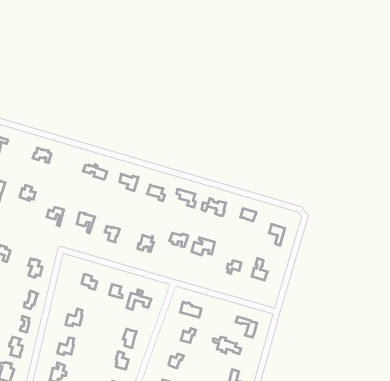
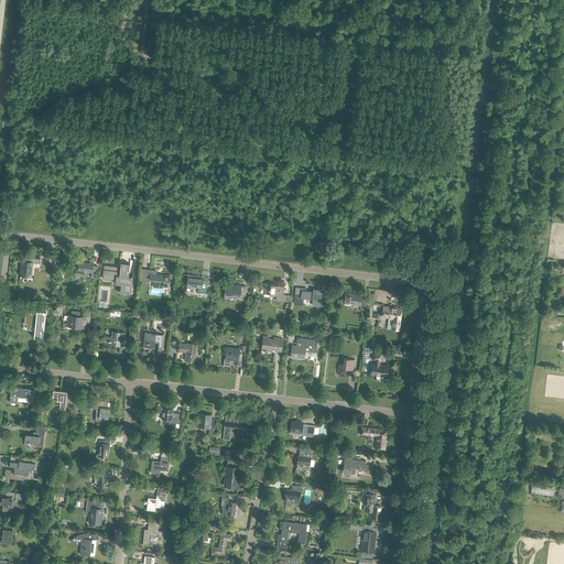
building: none -> [101,262,132,294]

